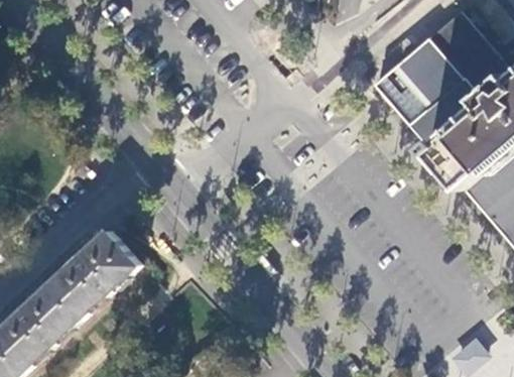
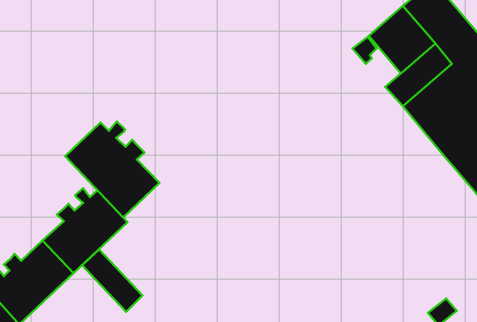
building: none -> [65,121,160,217]
building: none -> [82,250,142,312]

